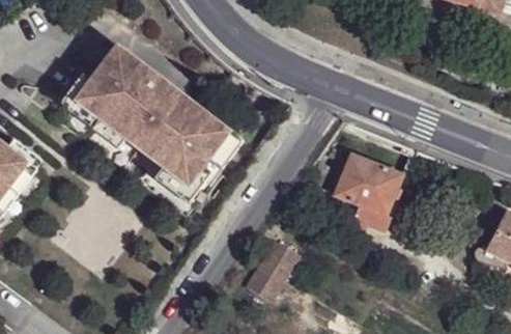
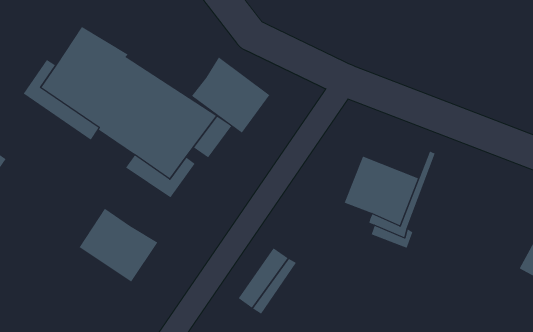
building: none -> [191,57,270,133]
building: none -> [79,208,158,283]

